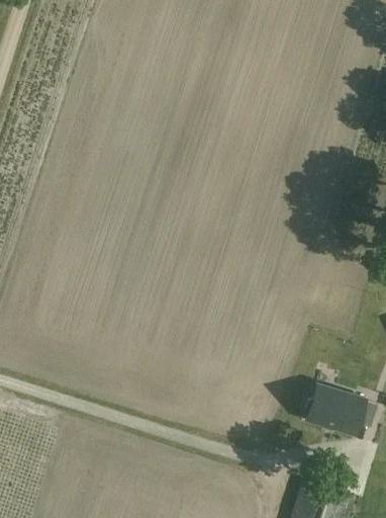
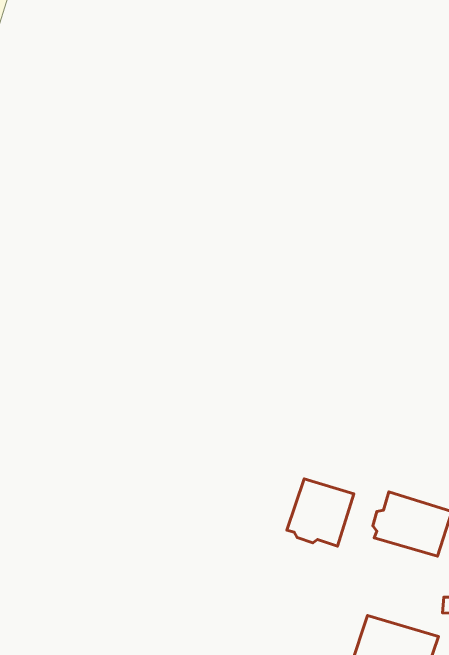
building: none -> [287,479,354,546]

